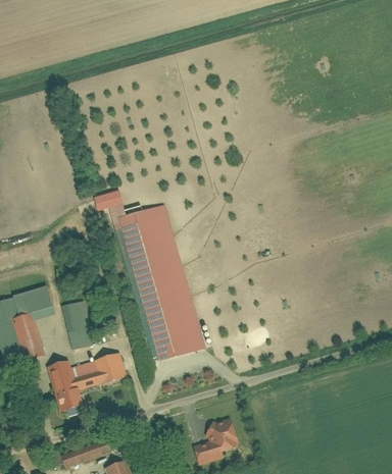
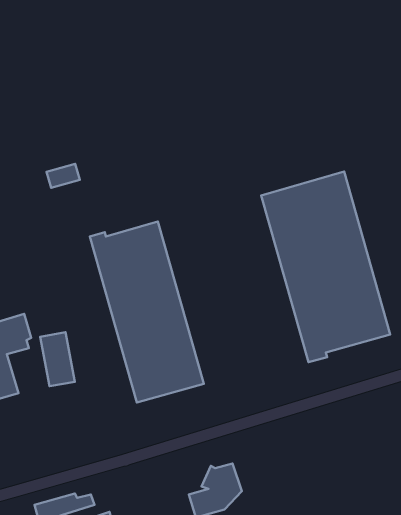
building: none -> [261,171,390,362]
building: [95,188,125,209] -> [47,164,80,188]
building: [46,353,127,412] -> none

